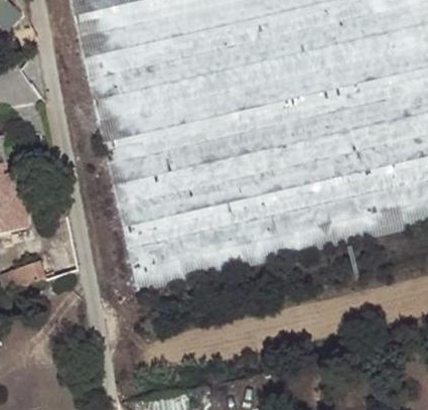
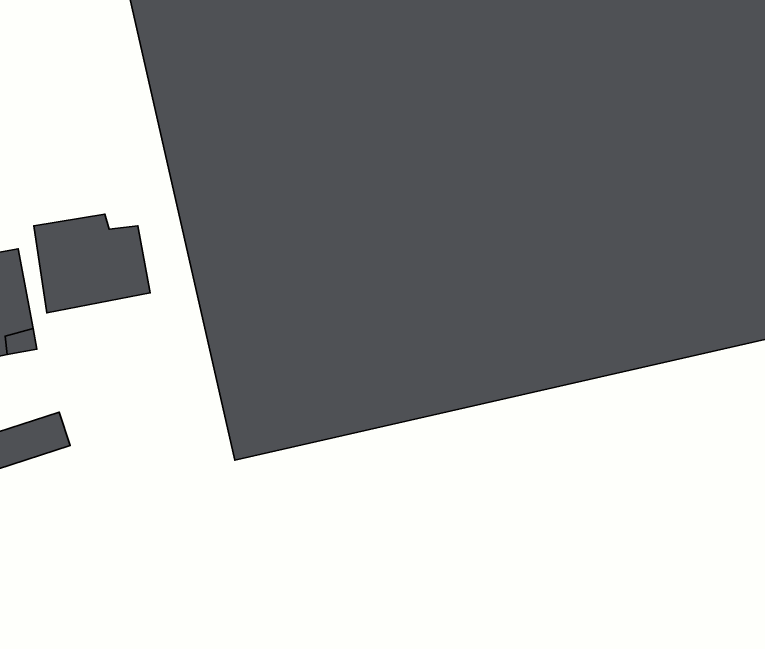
building: none -> [34,214,150,313]

